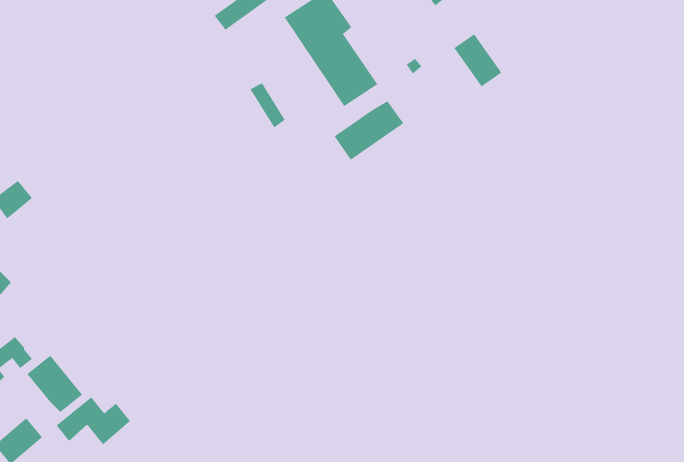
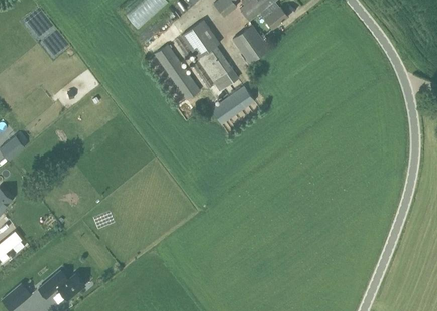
building: none -> [154,44,199,99]
building: [453,33,502,87] -> [232,30,262,63]
building: [27,355,83,413] -> none

